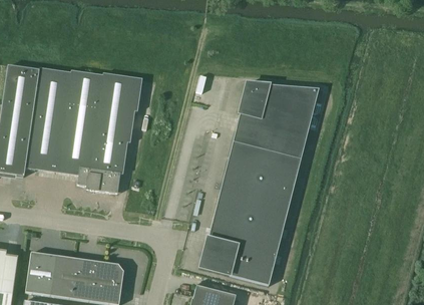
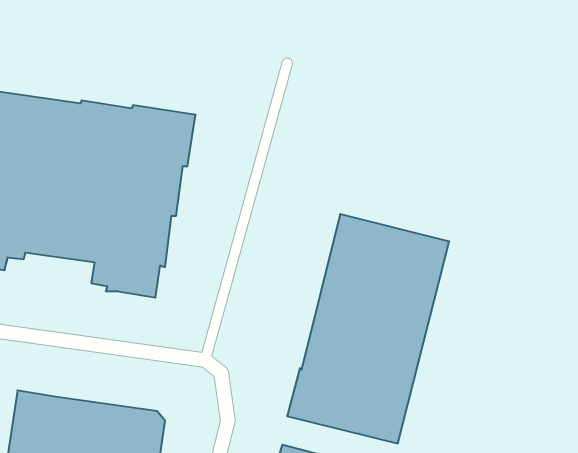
building: [233,82,319,158] -> none

